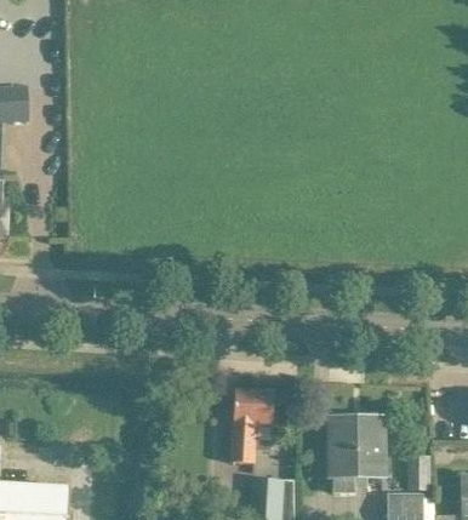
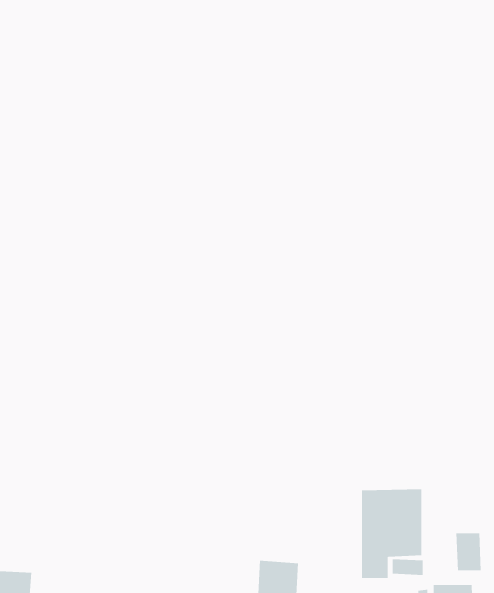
building: [230,389,274,463] -> none

